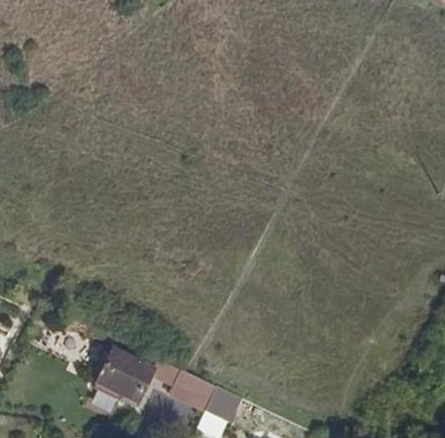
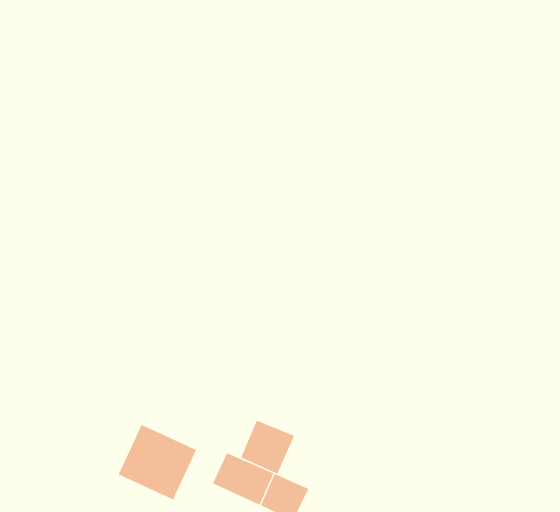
building: none -> [240,420,295,475]

